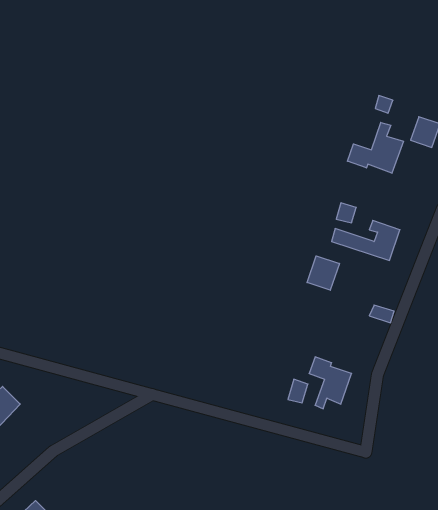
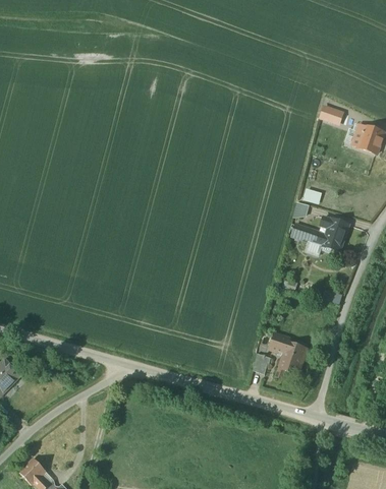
building: [347,122,404,173] -> none
building: [307,256,339,290] -> none

